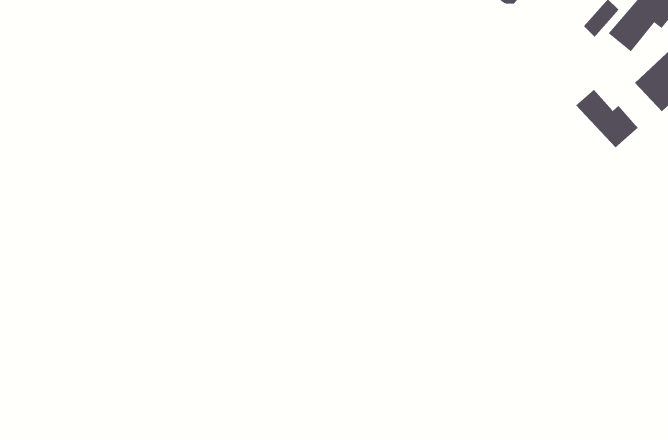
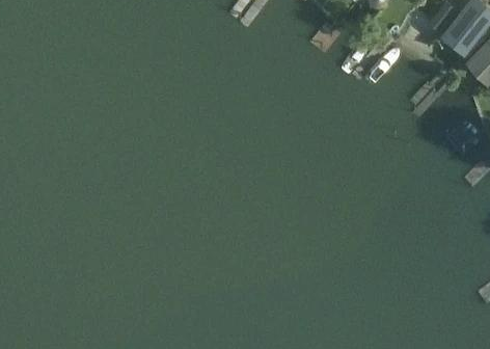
building: [575,89,639,148] -> none

